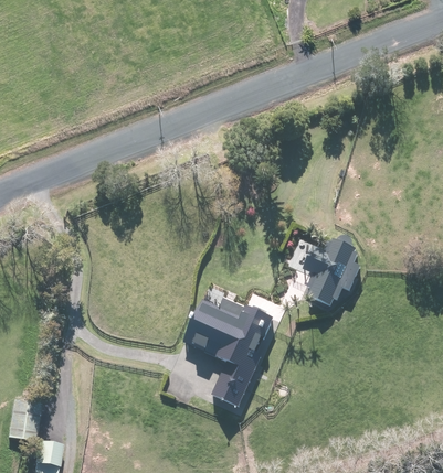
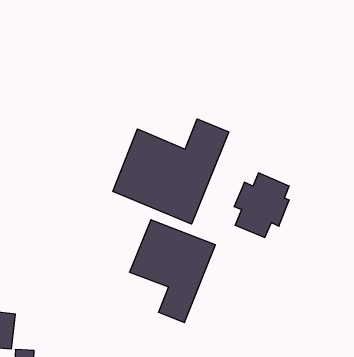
building: none -> [113,119,229,224]

